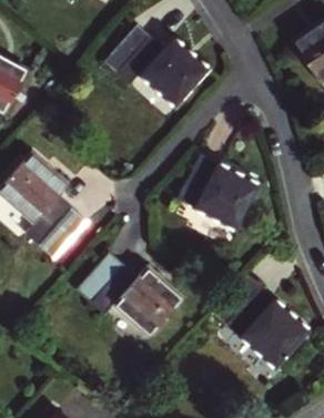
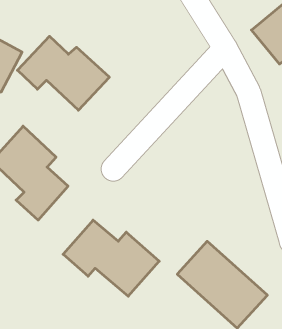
building: [105,28,207,110] -> [17,36,109,110]
building: [174,154,260,233] -> none

